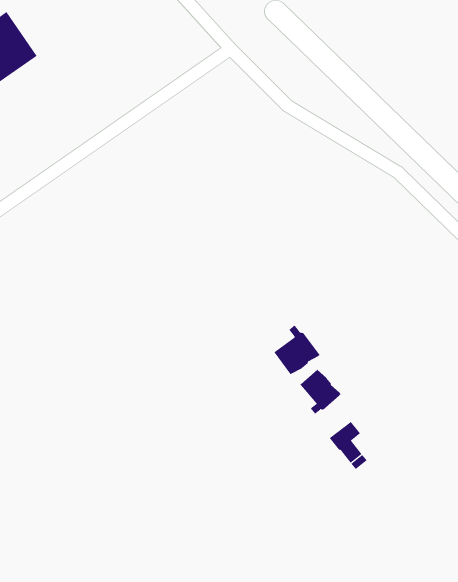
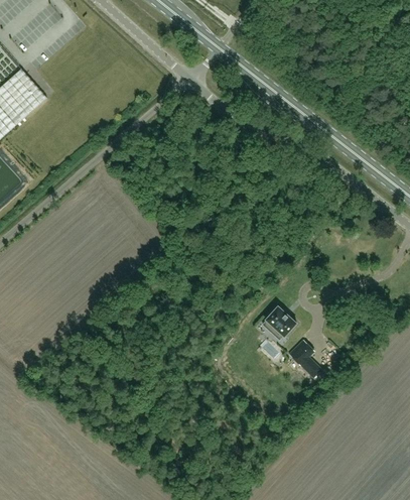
building: [273,325,321,376] -> none

